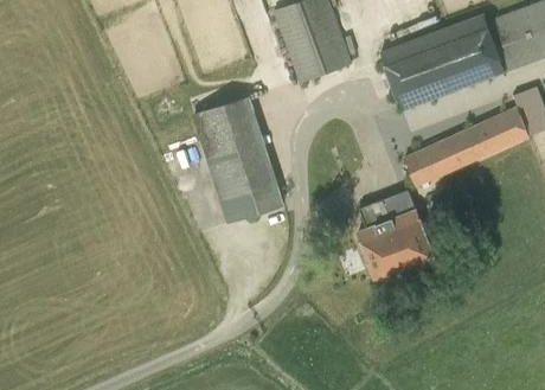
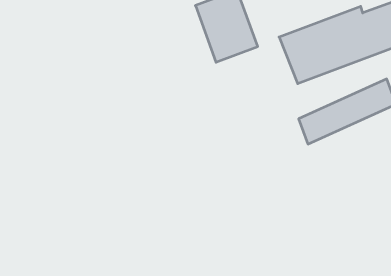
building: [190,96,283,224] -> none
building: [358,191,432,279] -> none

